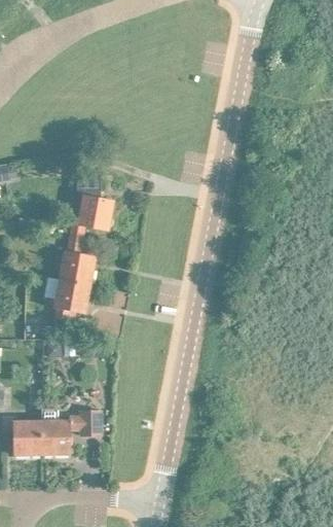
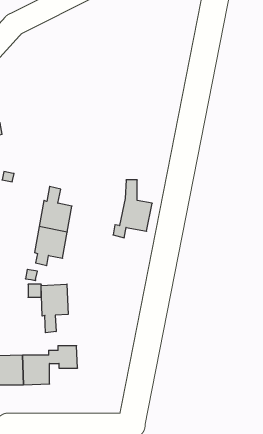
building: [69,174,112,238] -> [113,180,152,238]
building: none -> [41,284,68,333]

